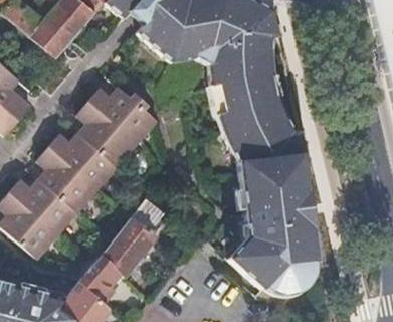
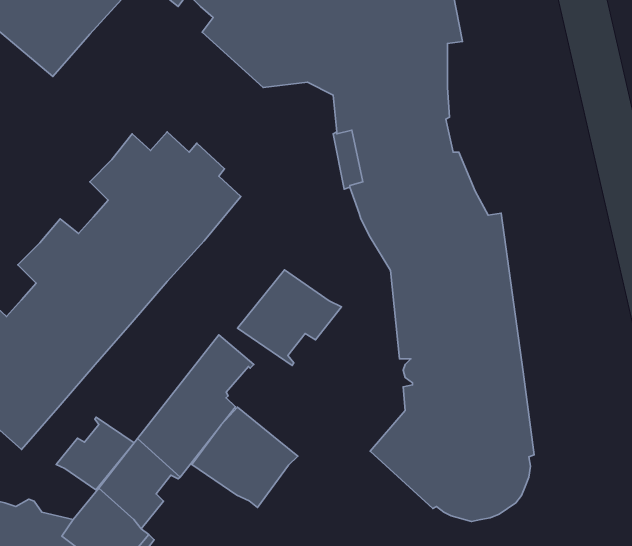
building: none -> [238,270,341,366]
building: none -> [192,407,298,507]
building: none -> [56,417,134,490]

